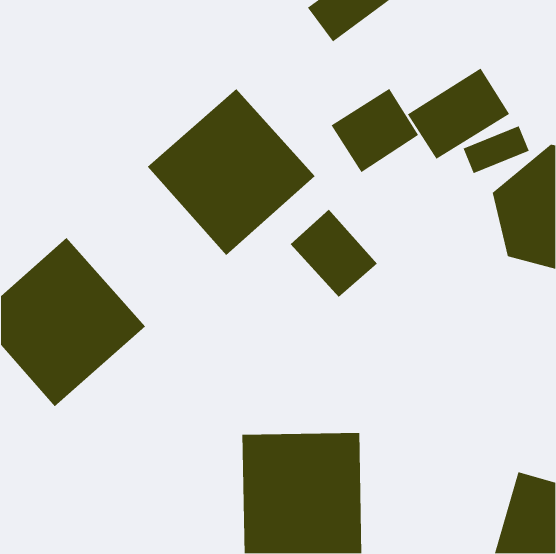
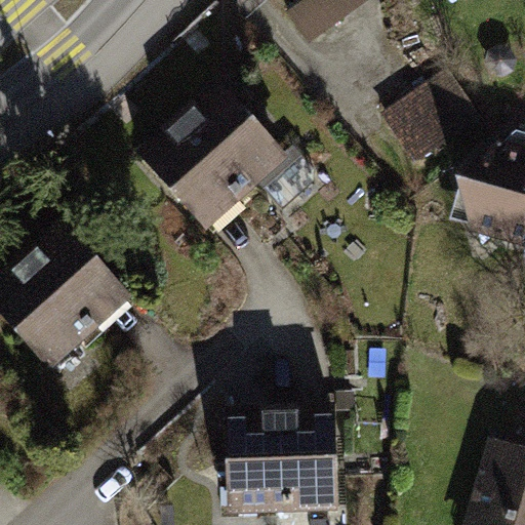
building: [331,88,419,173] -> none
building: [290,209,378,298] -> none

